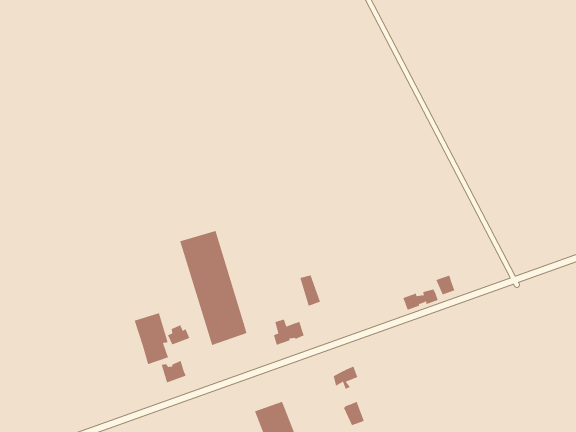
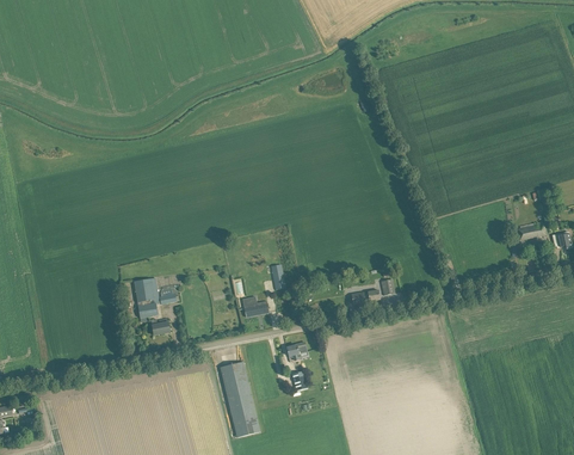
building: [179,230,247,346] -> none

